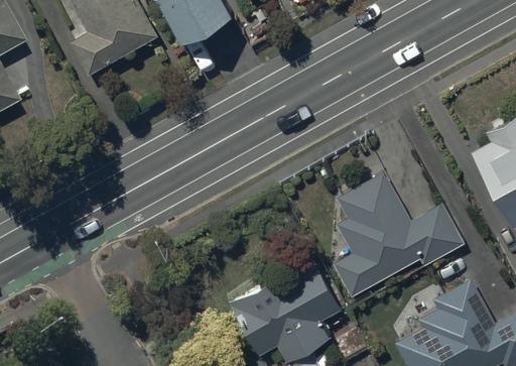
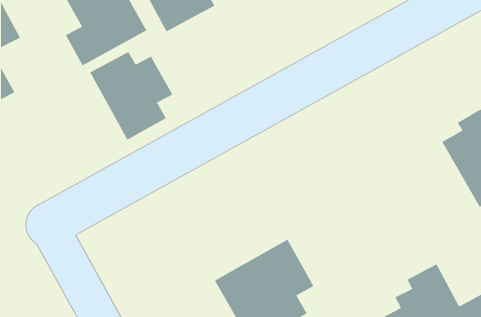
building: none -> [89,51,173,140]
building: [335,175,460,290] -> none

